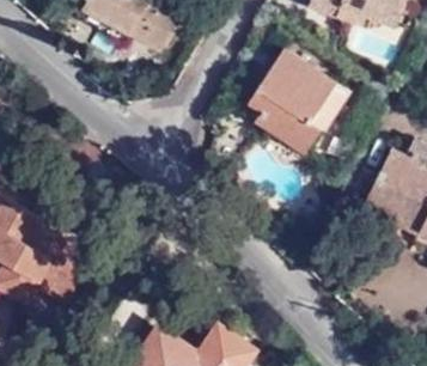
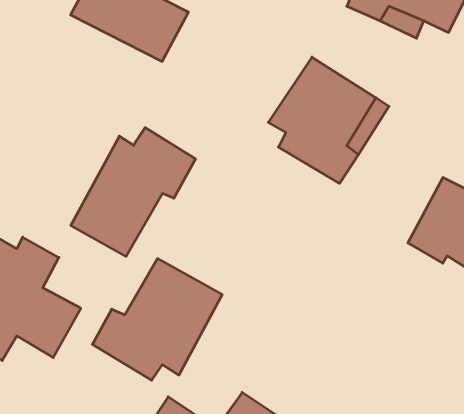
building: none -> [71,128,195,256]
building: none -> [92,259,222,380]

